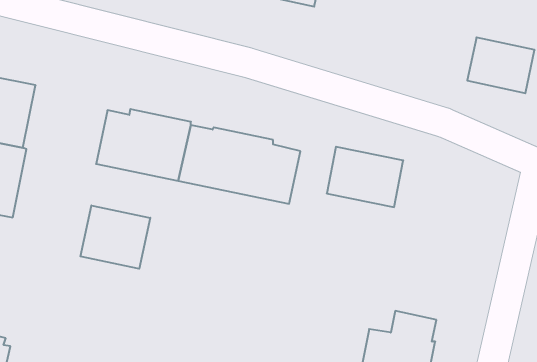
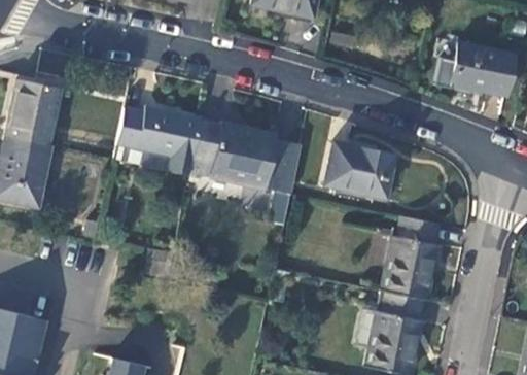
building: [80,205,150,269] -> none
building: none -> [380,216,437,300]

